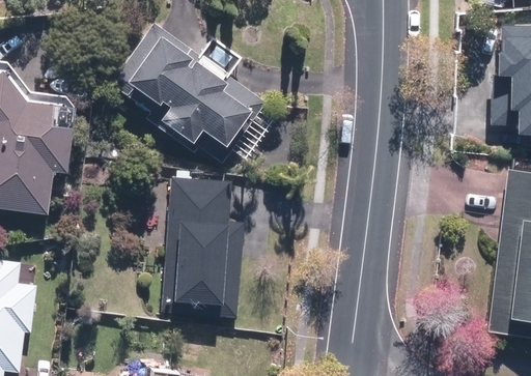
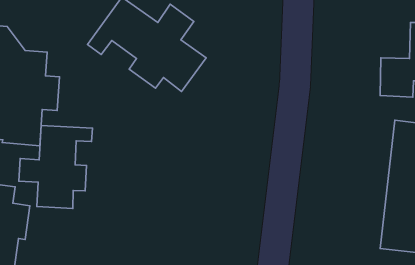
building: [164,177,245,316] -> none
building: none -> [19,125,92,208]

